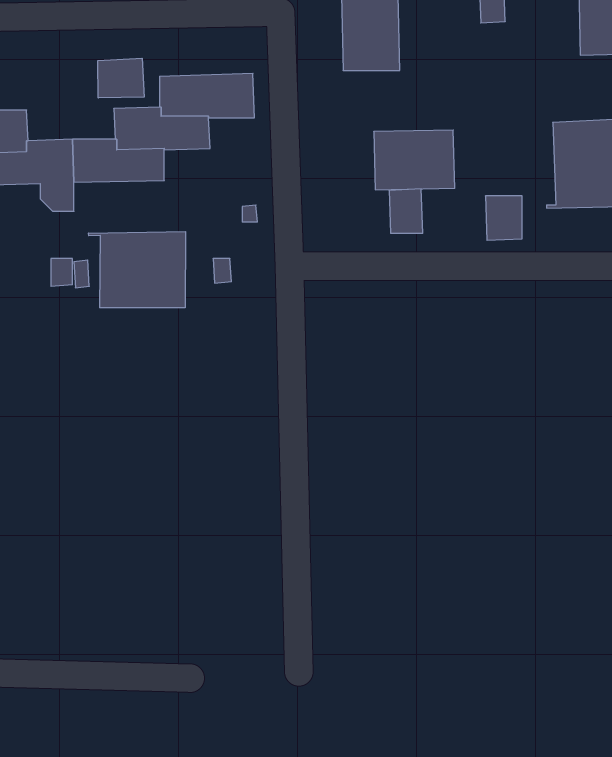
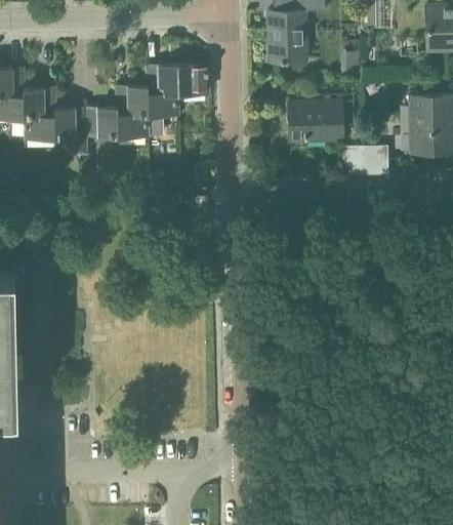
building: [98,58,144,98] -> none
building: [389,189,423,233] -> [341,147,364,176]
building: [89,232,185,308] -> none

